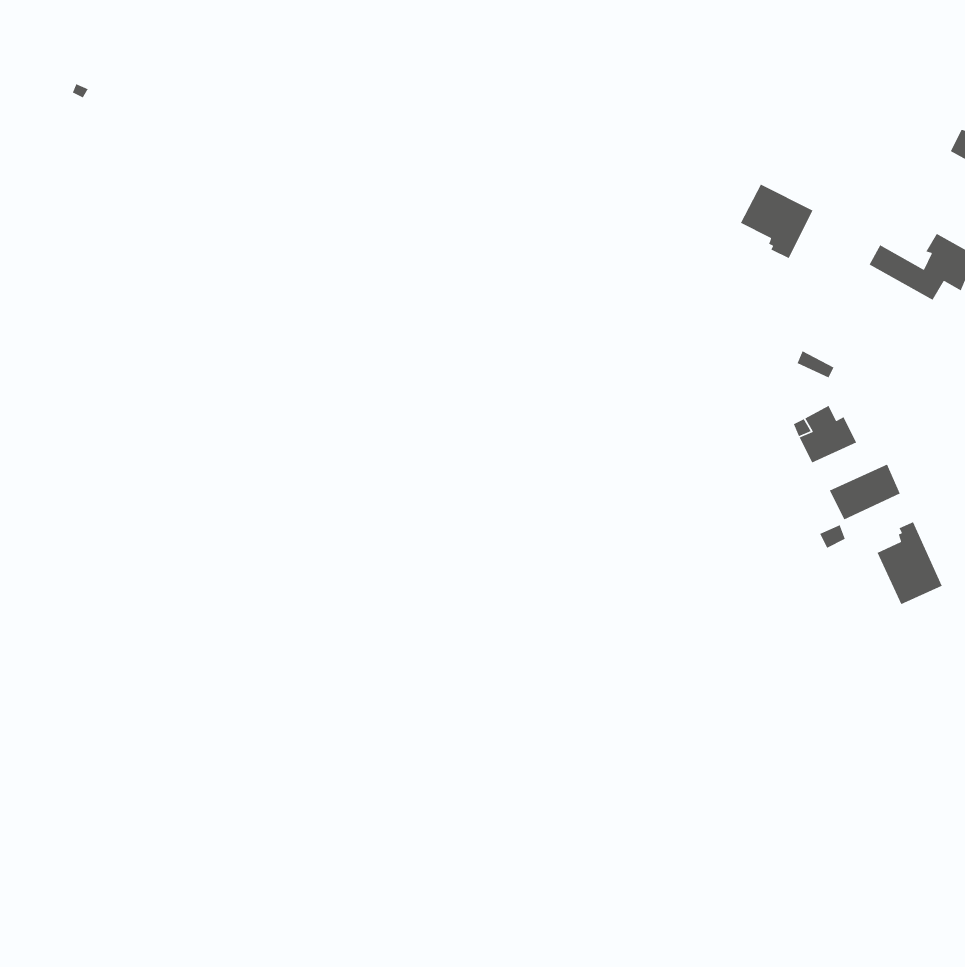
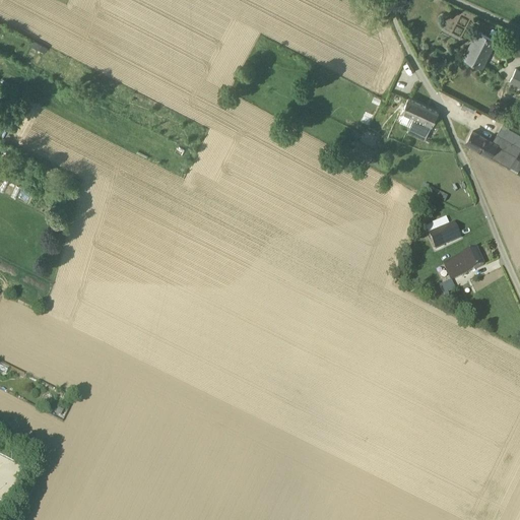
building: none -> [464,31,497,67]
building: [876,521,943,605] -> none

